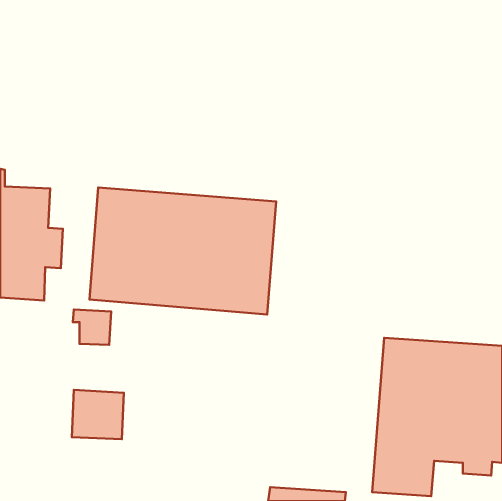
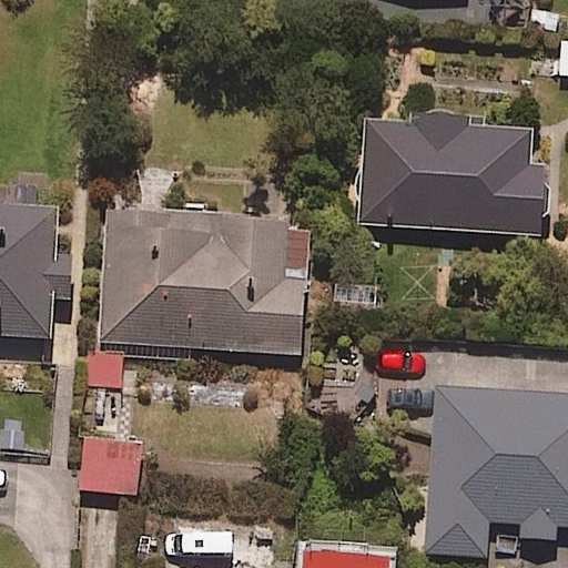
building: none -> [356,116,546,235]

